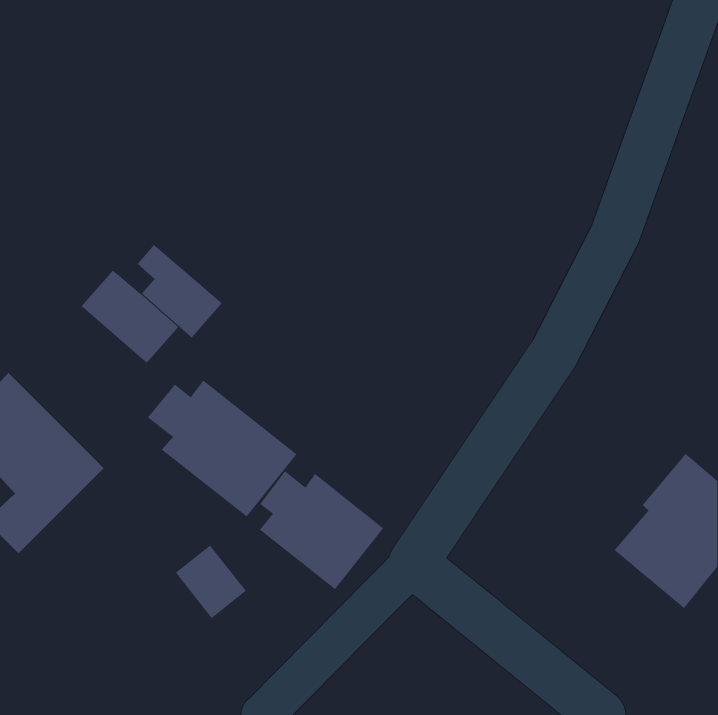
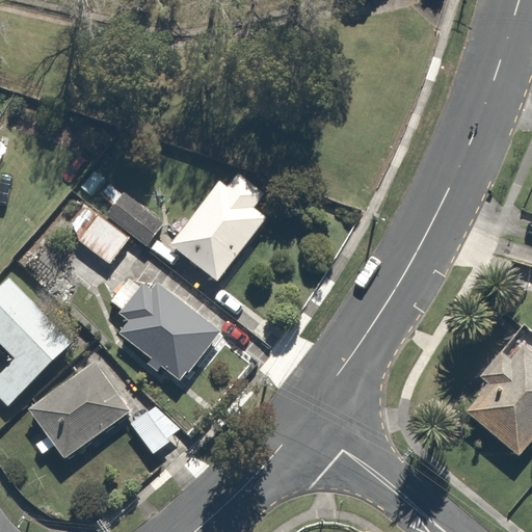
building: none -> [168,171,277,281]
building: [259,470,384,590] -> none
building: none -> [28,362,130,458]

